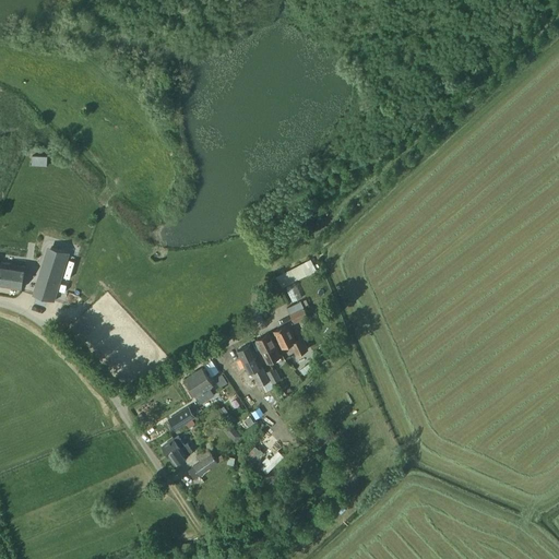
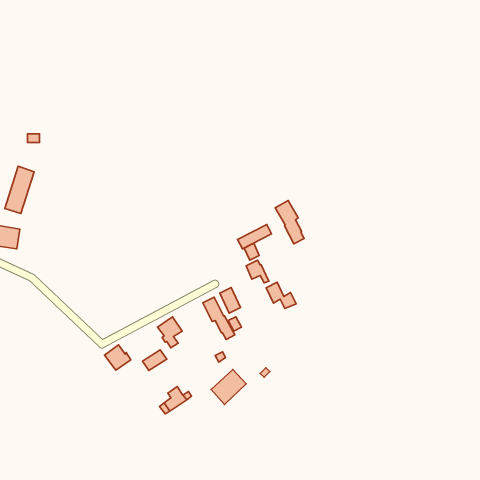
building: none -> [275,200,304,244]
building: [34,249,68,304] -> [5,166,34,213]
building: [272,326,307,357] -> [266,282,296,309]
building: [159,437,190,466] -> [104,345,131,370]

